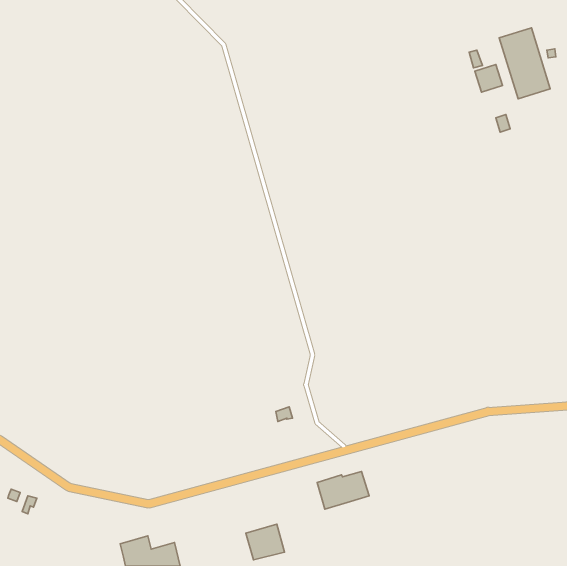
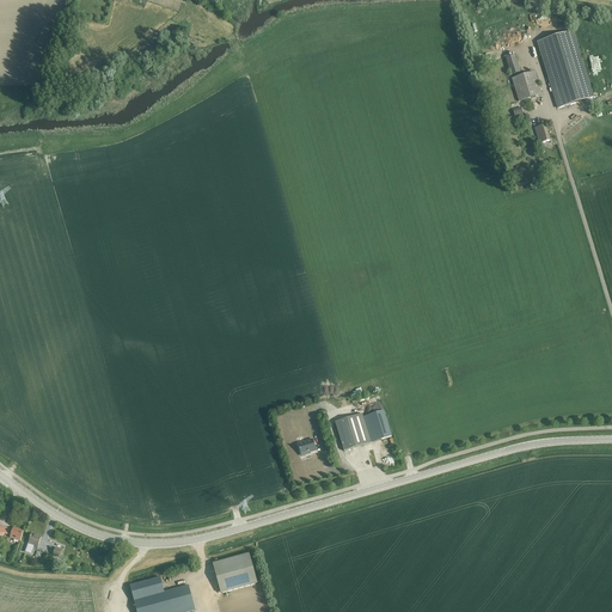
building: [317,471,369,509] -> [333,409,390,449]
building: [246,524,285,560] -> [213,552,255,590]

